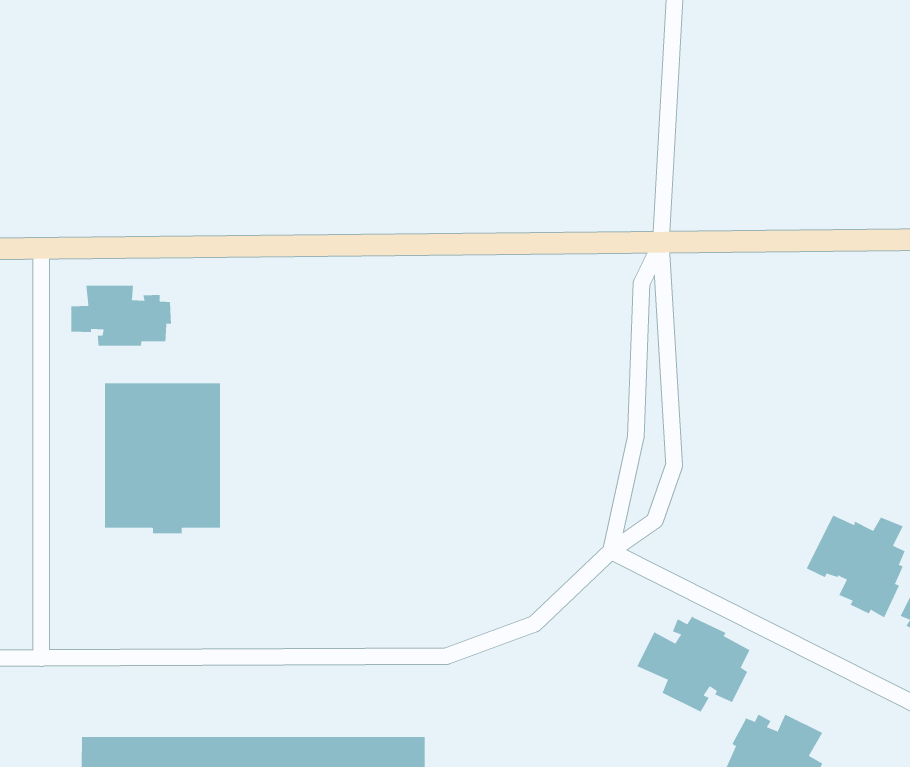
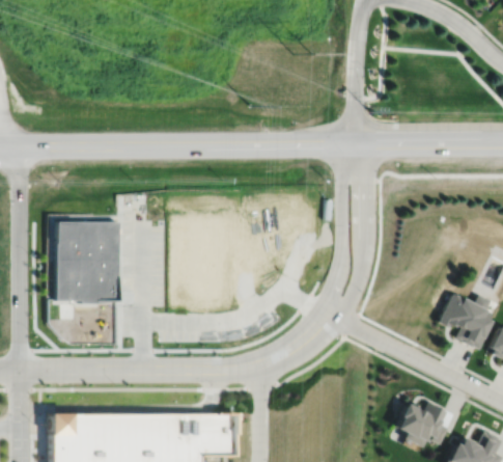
building: [71,285,171,347] -> none
building: [637,616,750,713] -> none

